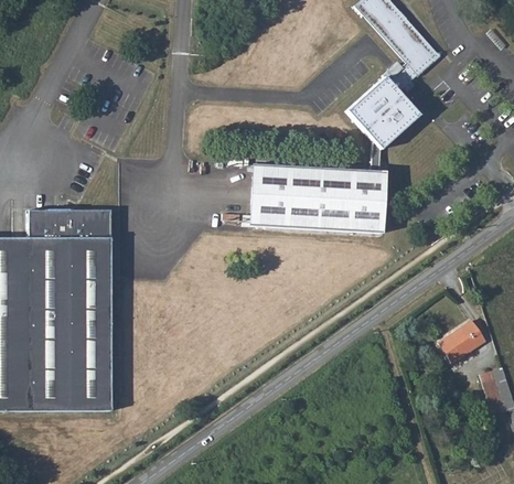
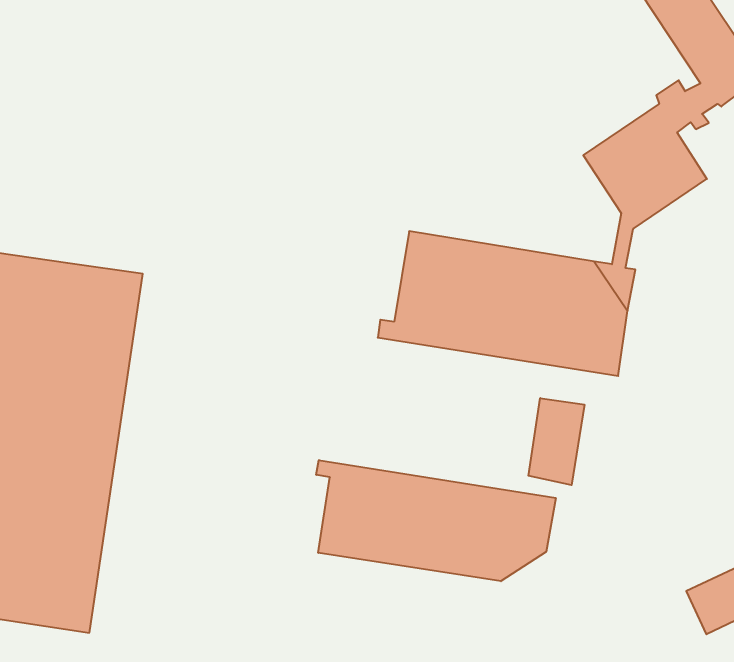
building: none -> [528,398,584,485]
building: none -> [316,460,556,581]

